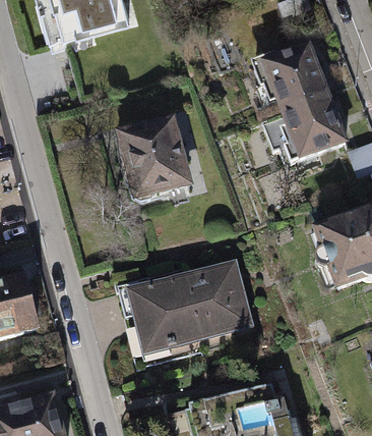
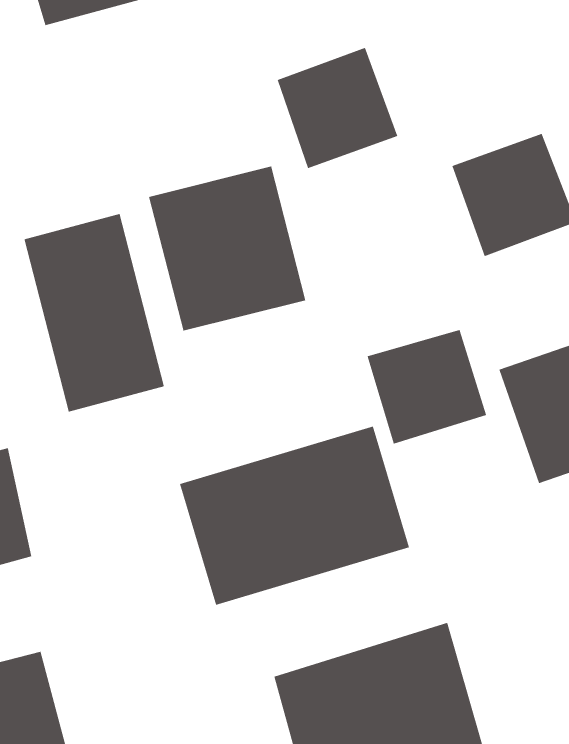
building: [261,43,329,111] -> [277,47,398,169]
building: none -> [24,213,164,413]
building: none -> [367,329,487,445]

